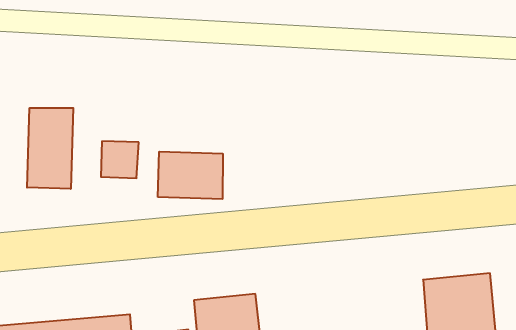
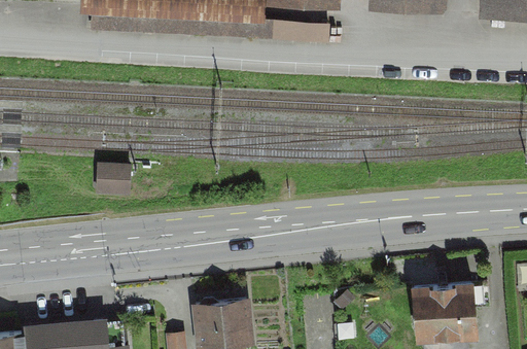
building: [27,108,73,189] -> none
building: [158,152,223,199] -> none

